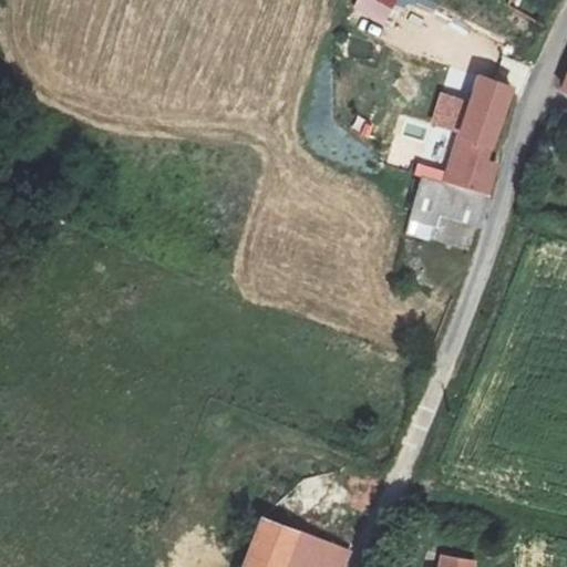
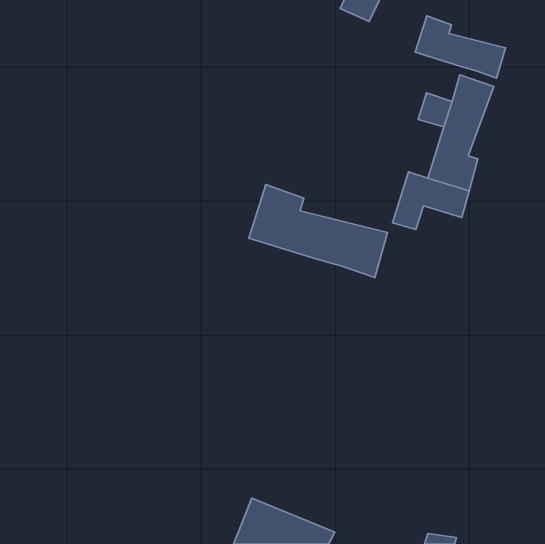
building: none -> [415,16,505,78]
building: none -> [249,185,387,277]

